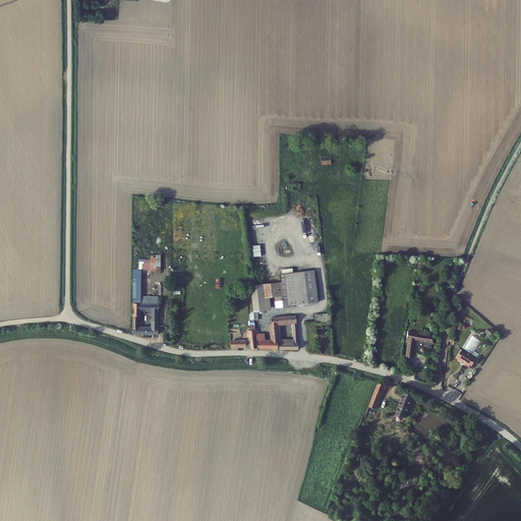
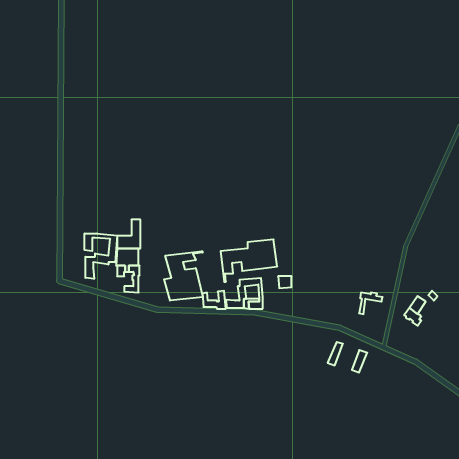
building: none -> [85,233,117,279]
building: none -> [164,251,203,301]

